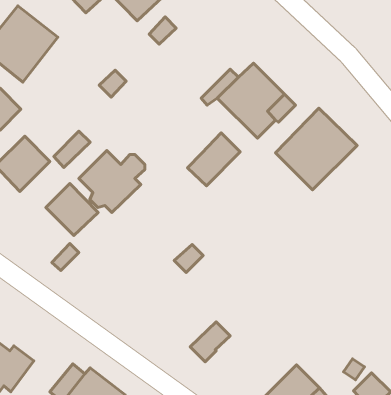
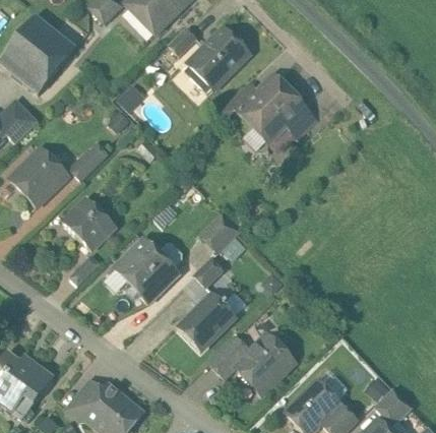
building: none -> [187,28,248,89]
building: [275,108,357,190] -> none
building: [187,133,240,186] -> none
building: [79,150,145,213] -> [115,239,182,302]
building: none -> [200,212,239,251]
building: none -> [178,292,236,350]
building: none -> [235,334,294,392]

